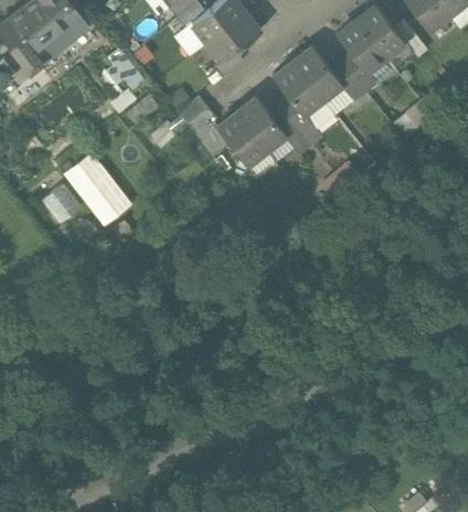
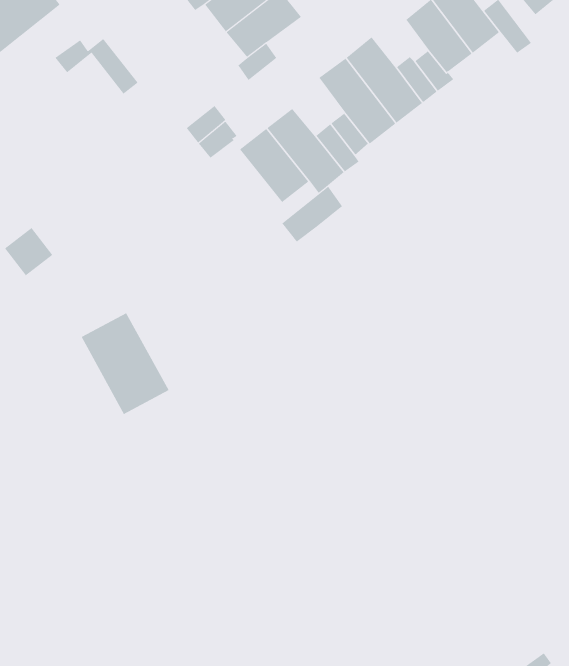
building: [66,151,130,225] -> [81,313,169,415]
building: none -> [282,186,343,243]

